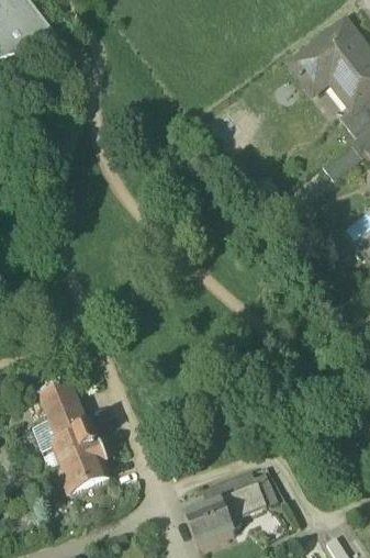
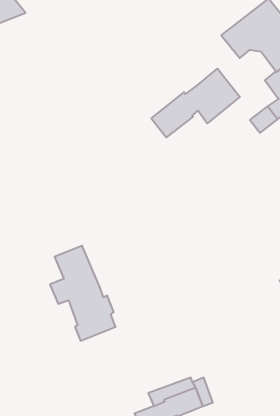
building: none -> [151,69,240,137]
building: [32,380,110,493] -> [50,246,116,341]

